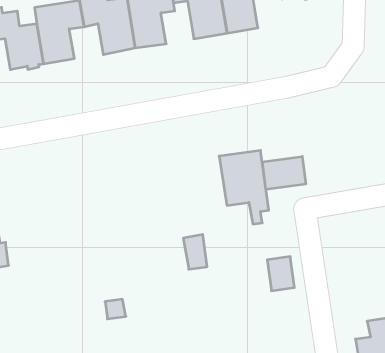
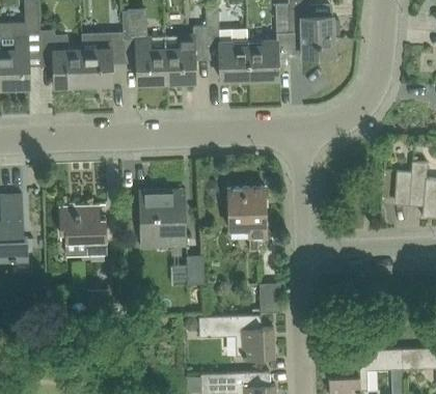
building: [262,156,306,189] -> none
building: none -> [139,190,186,246]
building: none -> [59,202,108,254]
building: none -> [198,314,274,360]

